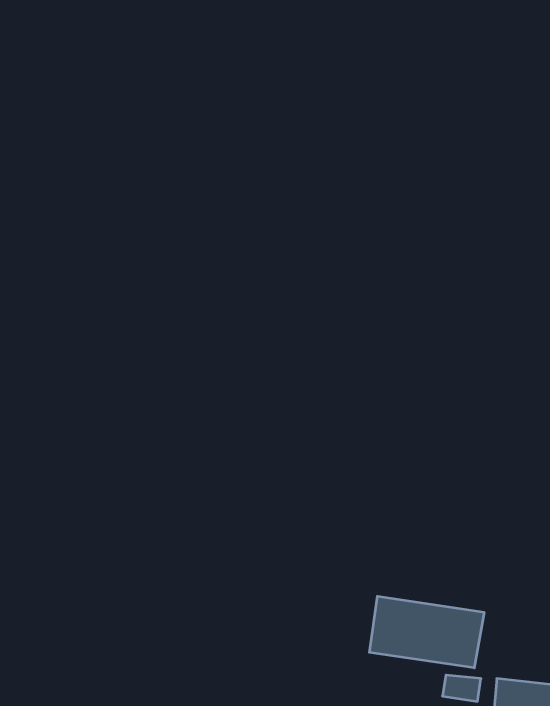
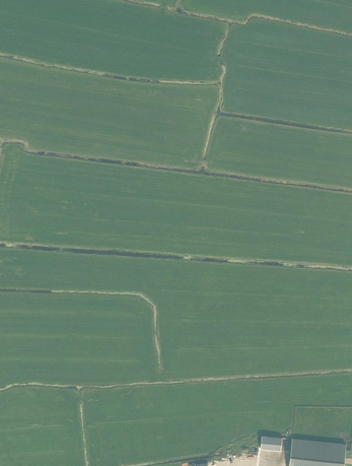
building: [369,596,484,668] -> none

